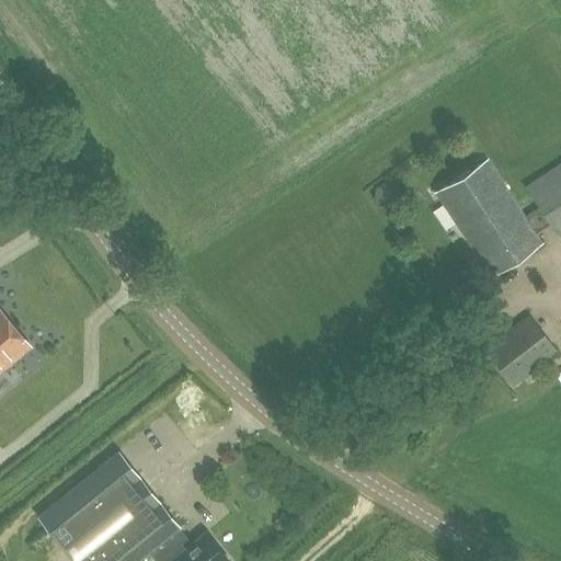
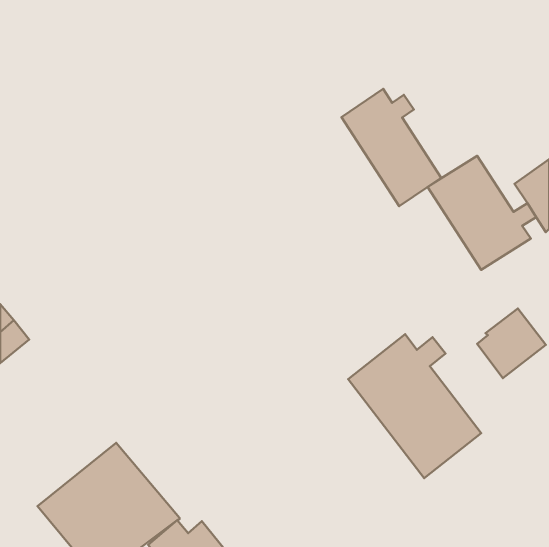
building: none -> [341,89,441,206]
building: none -> [348,334,481,478]

